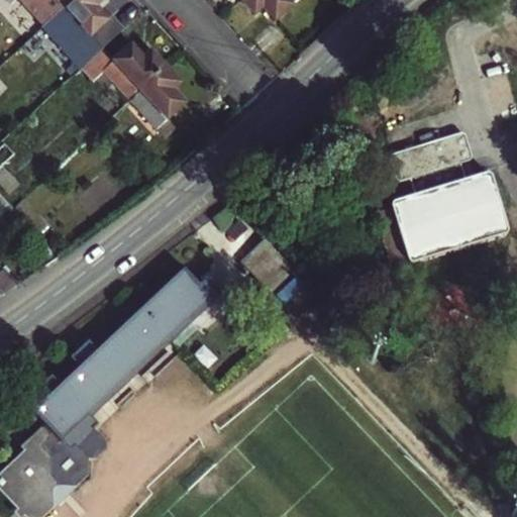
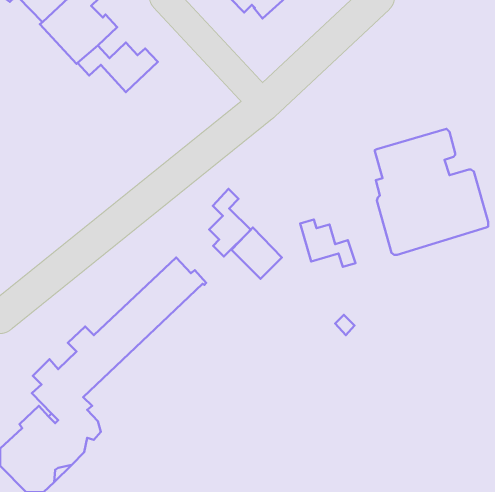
building: [131,65,184,124] -> none
building: none -> [209,189,251,257]
building: none -> [300,219,355,267]

